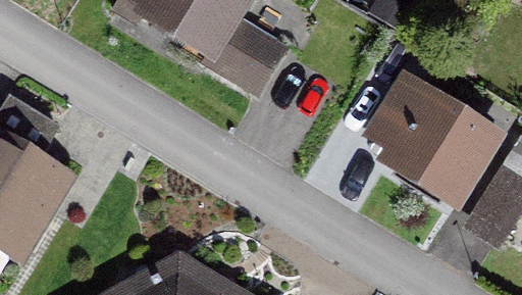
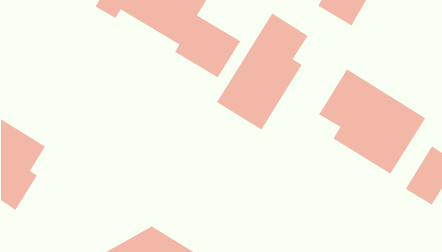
building: none -> [216,12,309,131]

